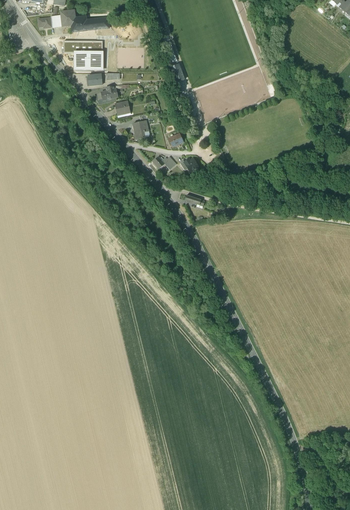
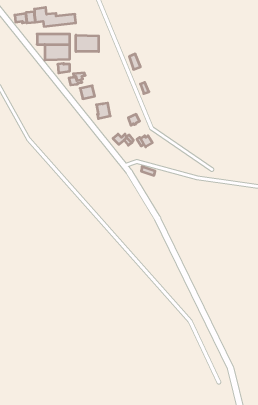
building: none -> [76,35,99,52]

